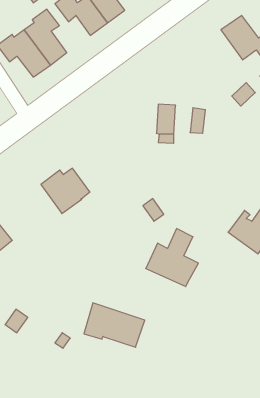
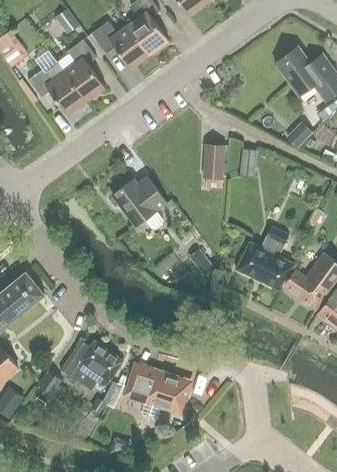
building: [41,168,90,214] -> [112,176,166,226]
building: [146,229,198,287] -> [236,225,294,289]
building: none -> [61,340,123,392]

